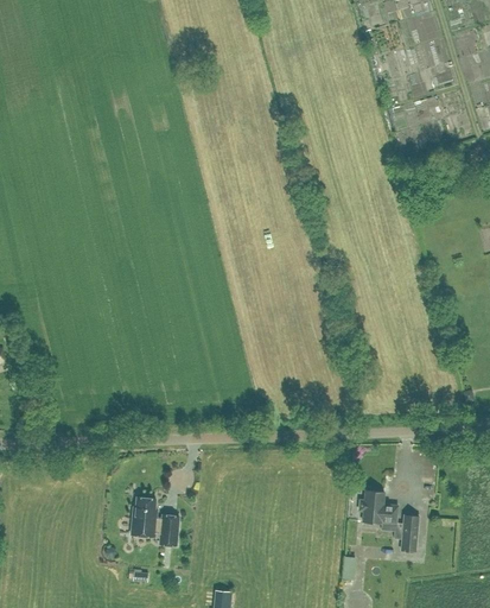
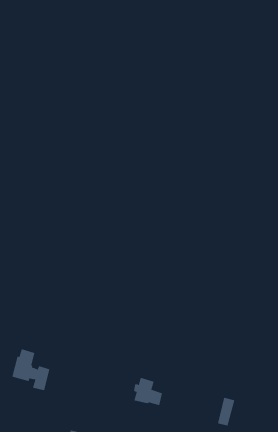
building: [359,490,397,522] -> [133,377,163,406]

